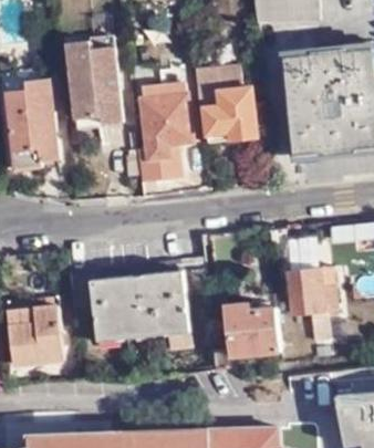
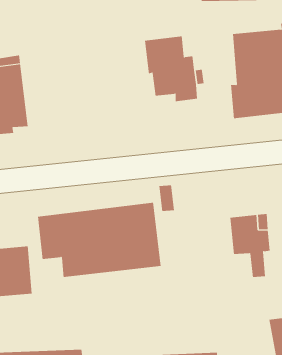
building: [64,41,118,125] -> none
building: [136,85,190,185] -> none
building: [215,294,282,371] -> none

